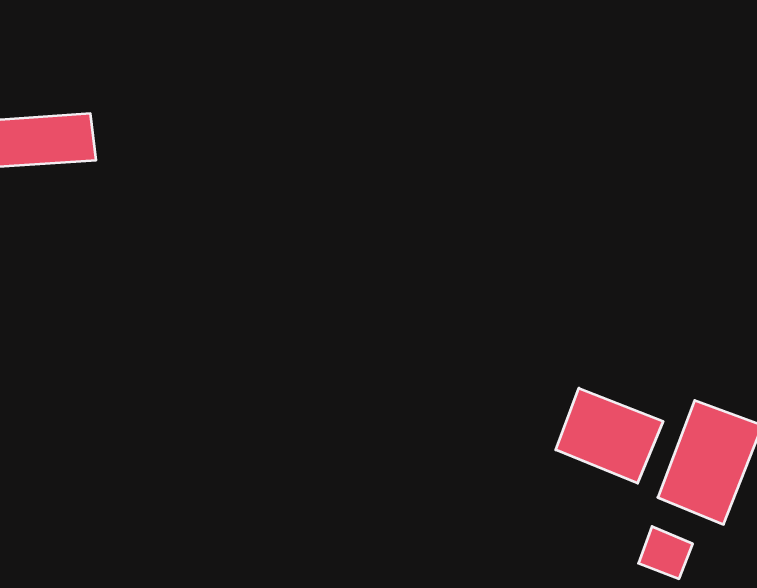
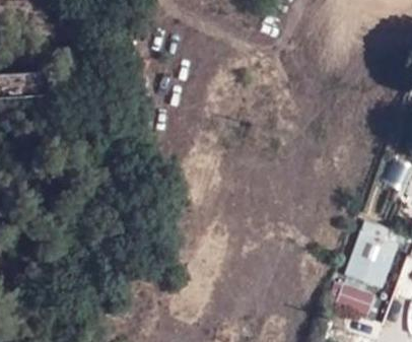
building: [556,388,663,483] -> none

